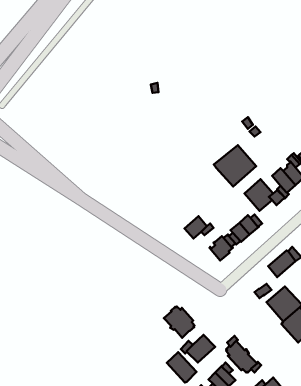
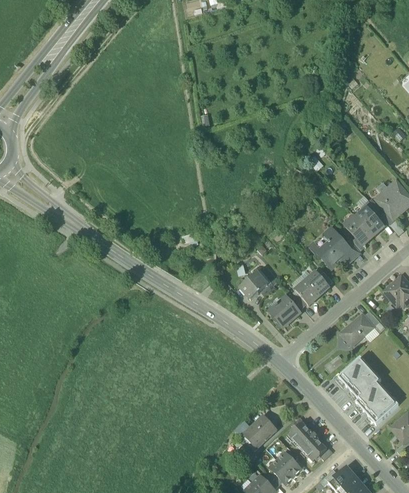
building: [214,145,256,186] -> none
building: [164,307,195,338] -> none
building: [167,352,196,383] -> none

